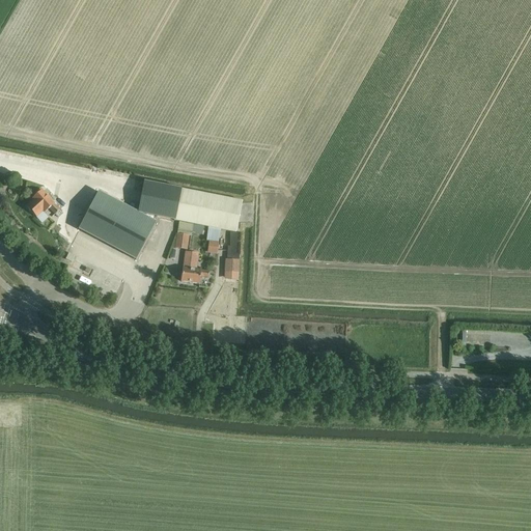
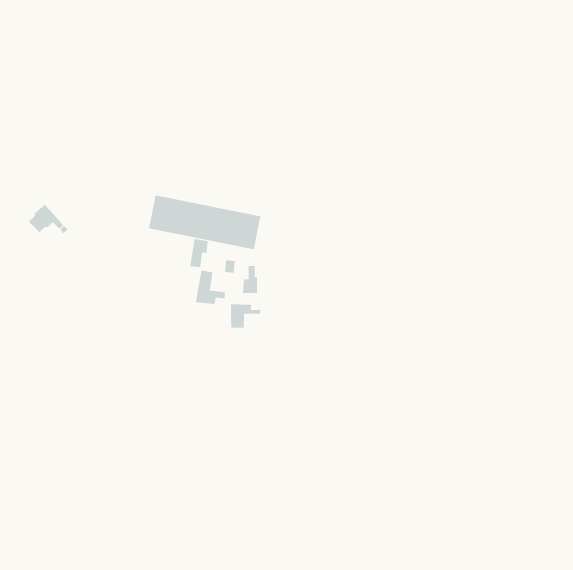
building: [79,191,156,259] -> none
building: none -> [230,303,261,329]

